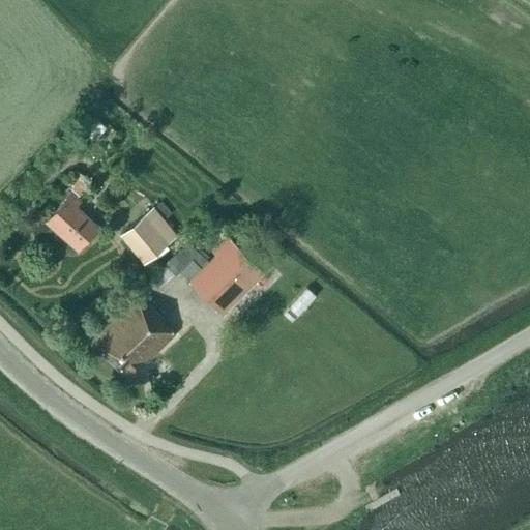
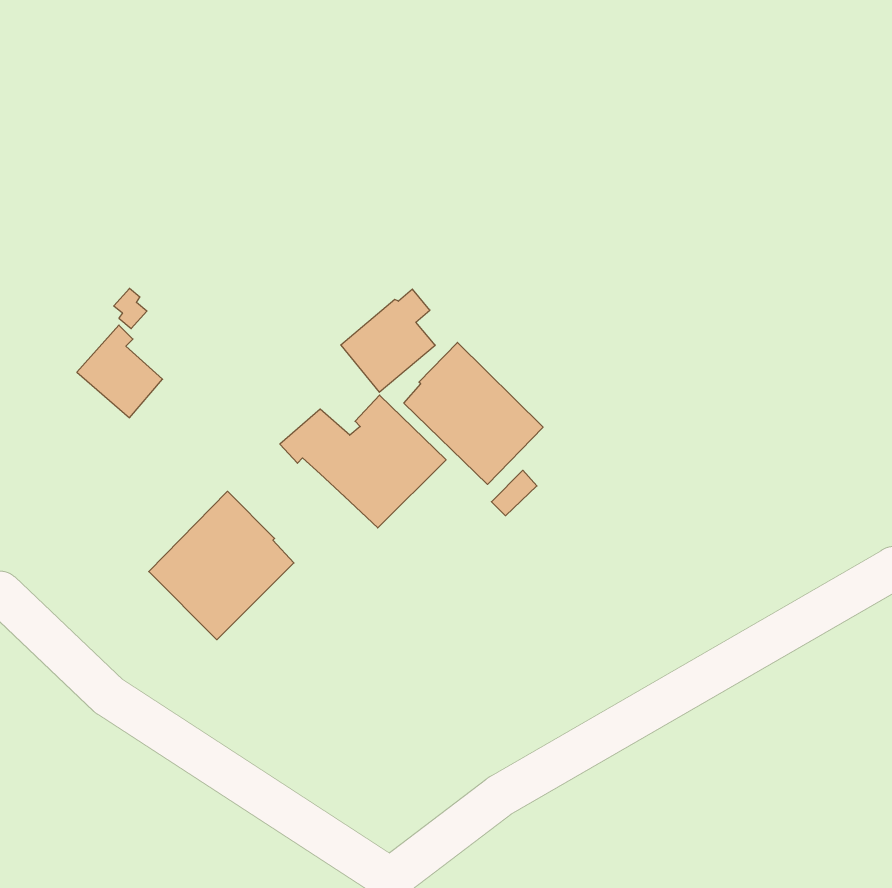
building: [121,203,177,264] -> [341,289,435,392]
building: none -> [404,342,543,484]

